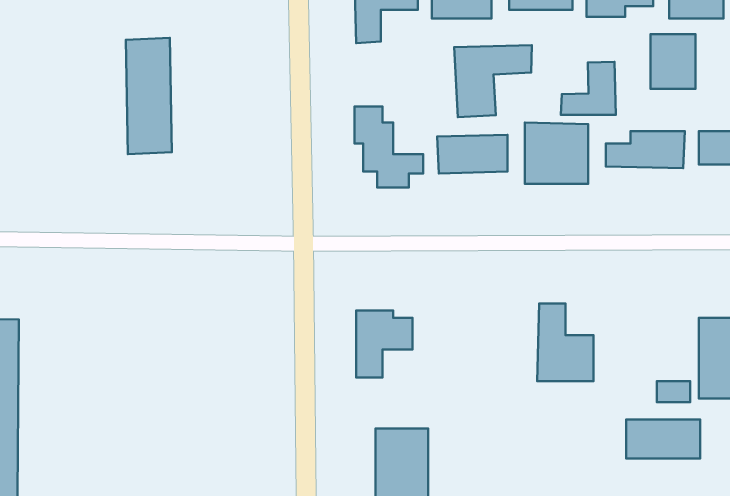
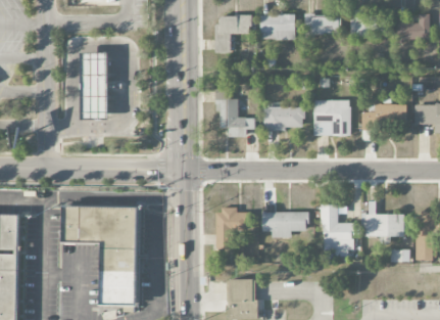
building: [651,34,696,89] -> none
building: [454,45,532,117] -> none
building: [561,62,616,115] -> none
building: none -> [63,204,141,305]
building: none -> [262,212,308,237]
building: [626,420,700,458] -> [361,214,404,236]

